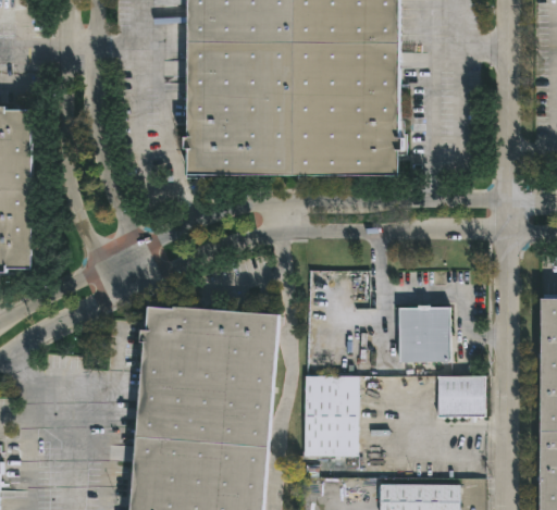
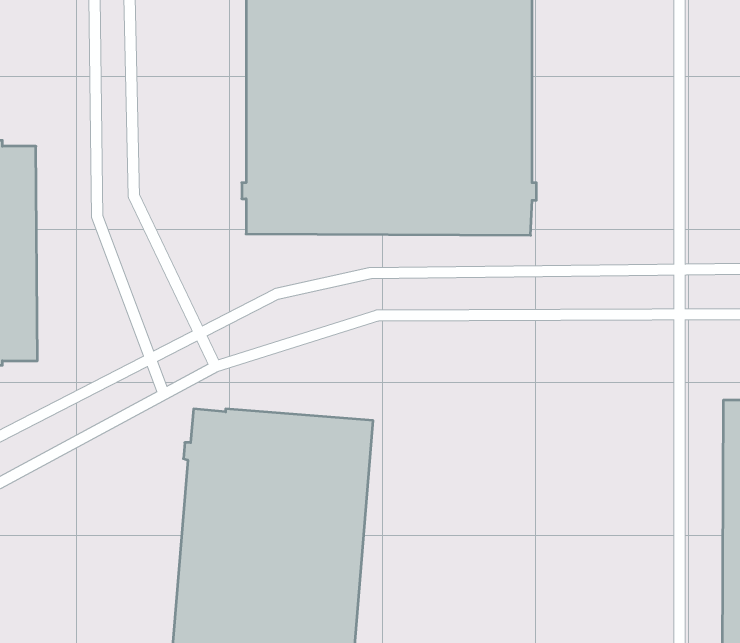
building: [398,304,449,362] -> none
building: [304,375,358,459] -> none
building: [436,376,484,418] -> none

